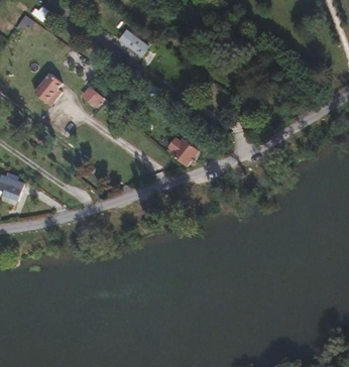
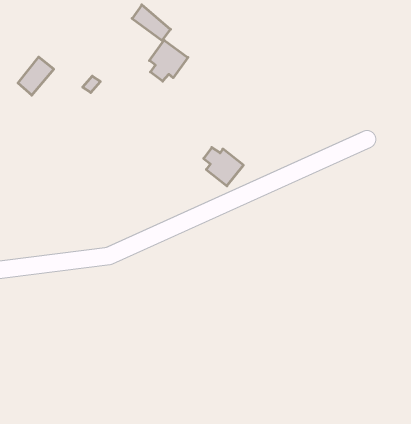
building: none -> [149,40,188,81]

